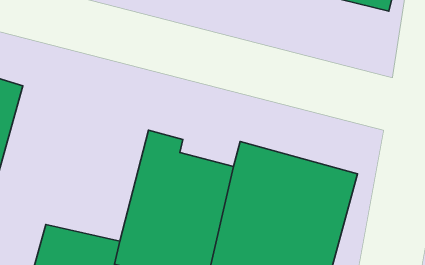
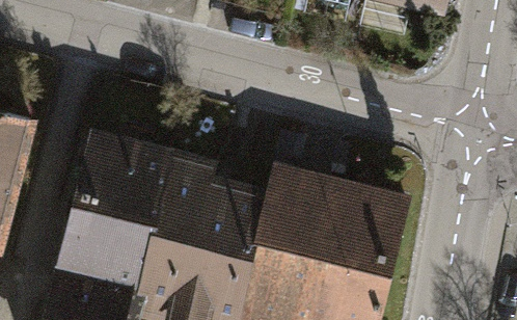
building: none -> [58,134,173,281]

